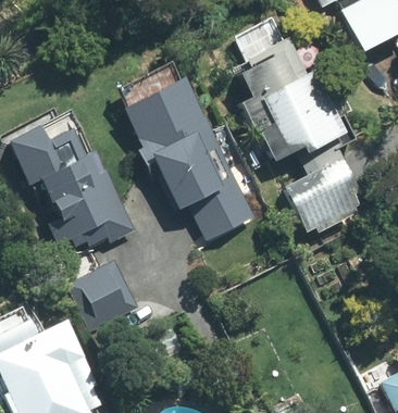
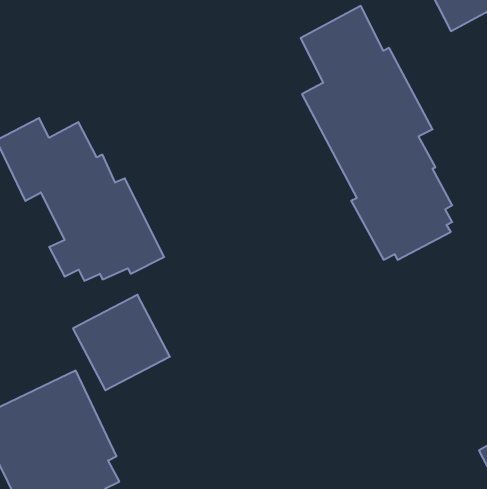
building: [122,76,254,240] -> none

